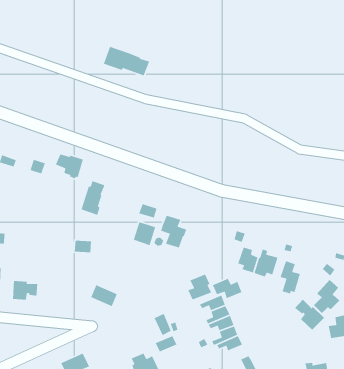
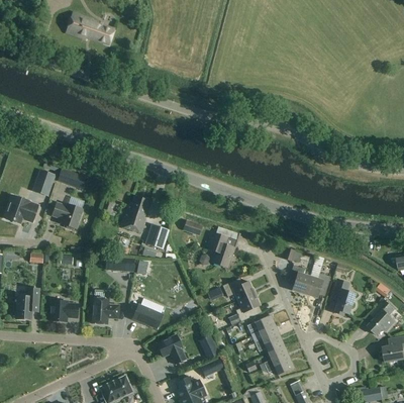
building: [103,46,150,77] -> [66,12,115,44]
building: [55,153,84,179] -> [52,202,82,229]
building: [133,221,156,246] -> [145,223,170,249]
building: none -> [91,297,119,323]
building: [212,278,243,299] -> [221,278,254,300]
building: [294,299,325,331] -> none
building: none -> [156,333,186,364]

